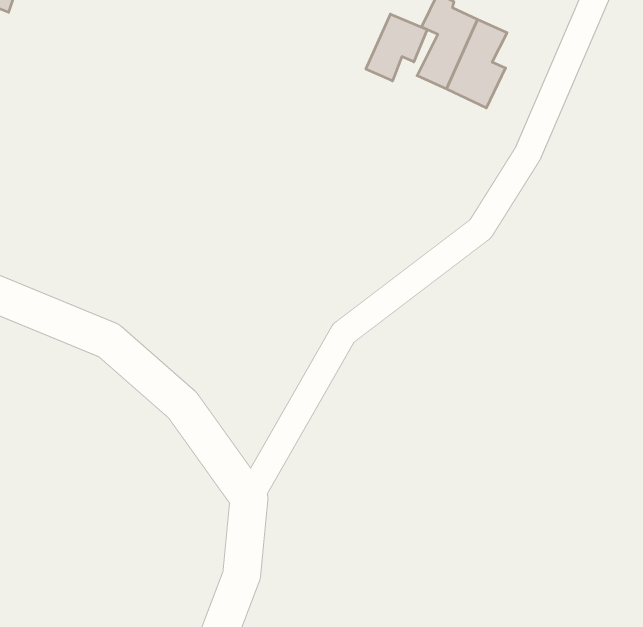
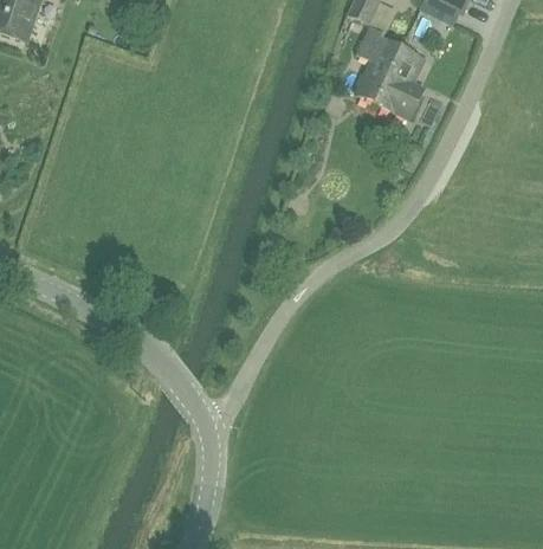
building: [366,14,427,81] -> none

